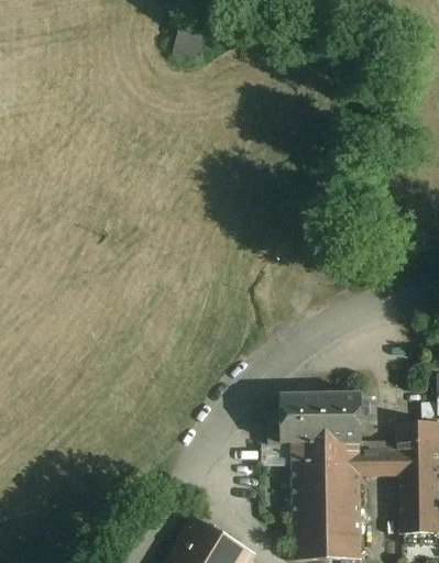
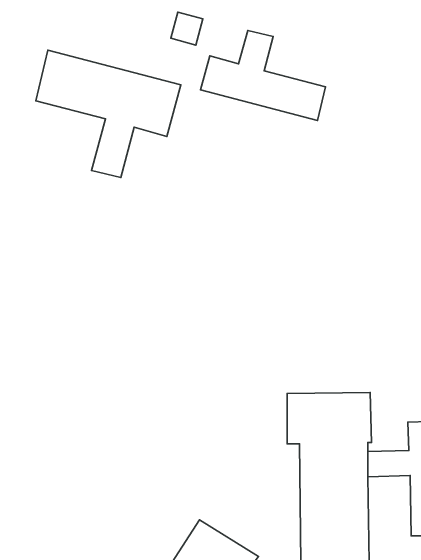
building: none -> [200,30,326,121]
building: none -> [36,50,181,177]

